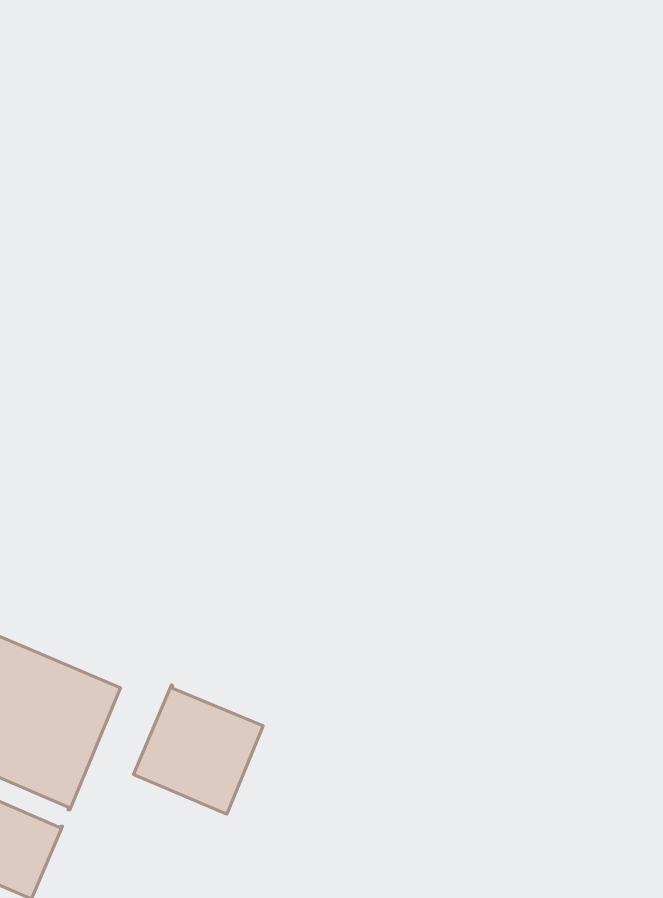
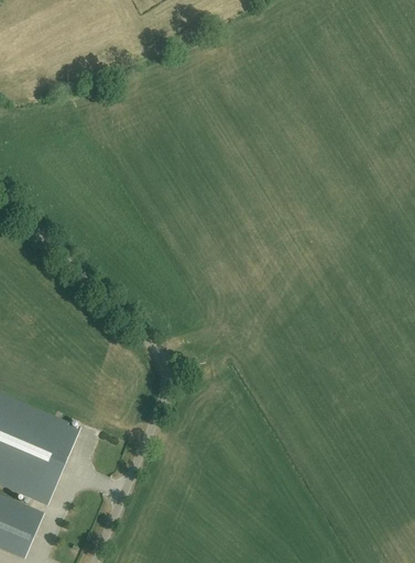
building: [134,685,263,814] -> none

